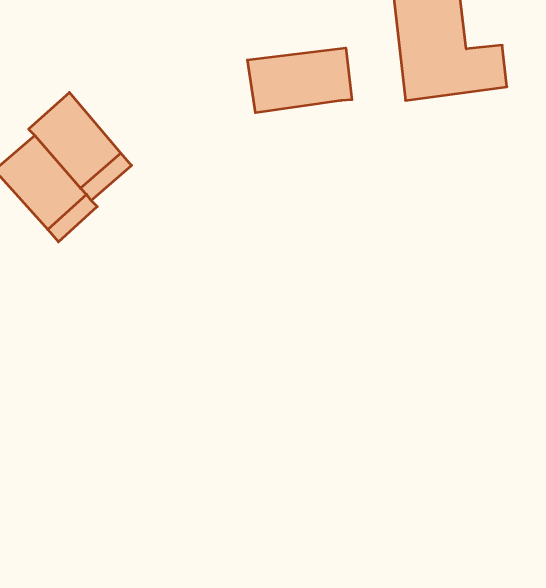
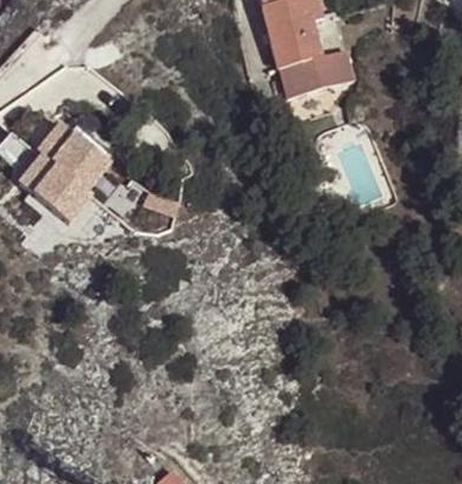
building: [247,48,352,113] -> none

